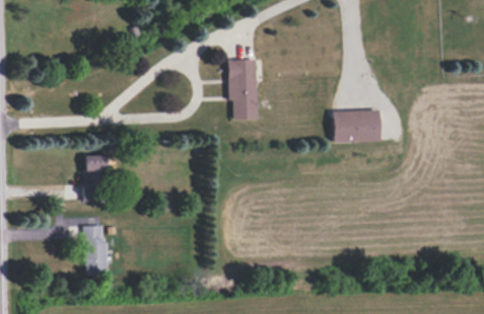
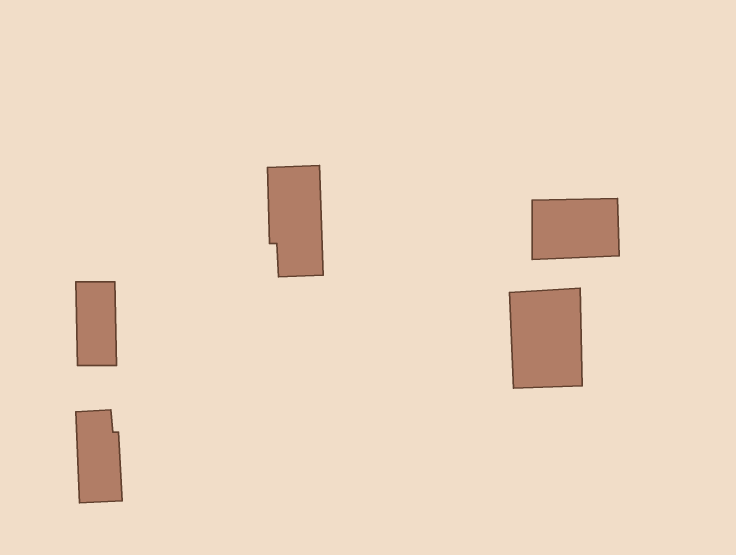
building: [227,59,258,120] -> [268,166,323,277]
building: none -> [509,288,582,388]

